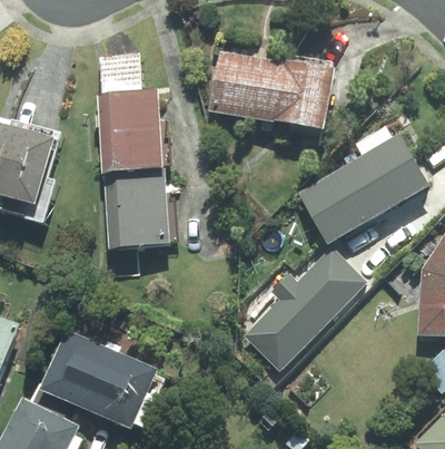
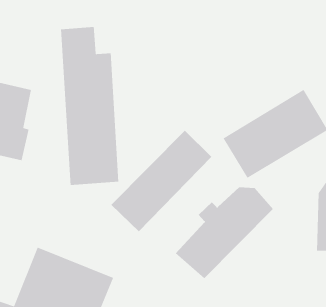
building: [209,49,336,127] -> none
building: none -> [110,130,212,232]

